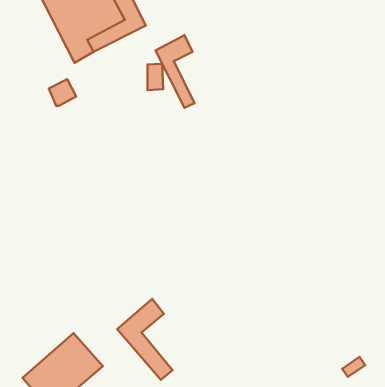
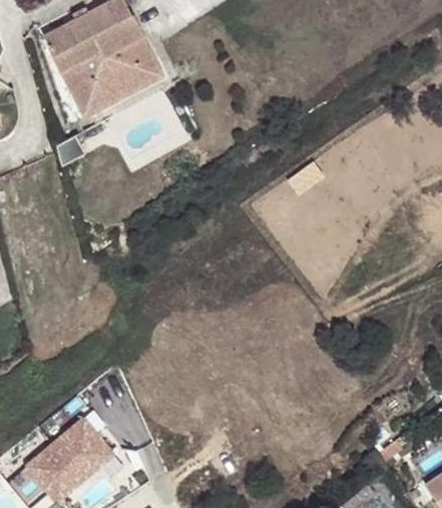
building: [155,35,194,108] -> none
building: [117,299,173,380] -> none

